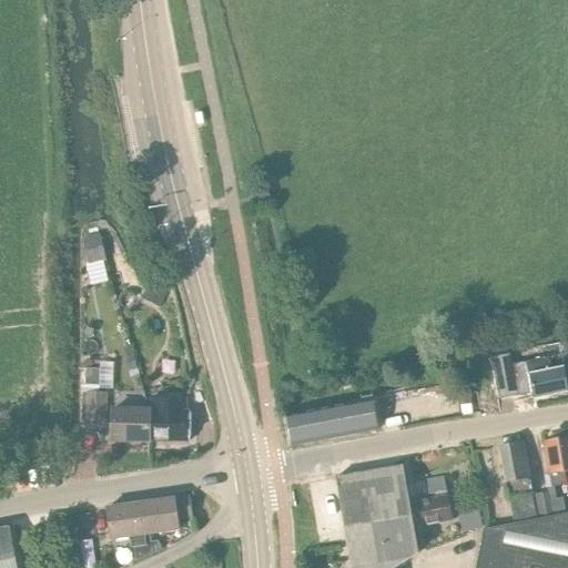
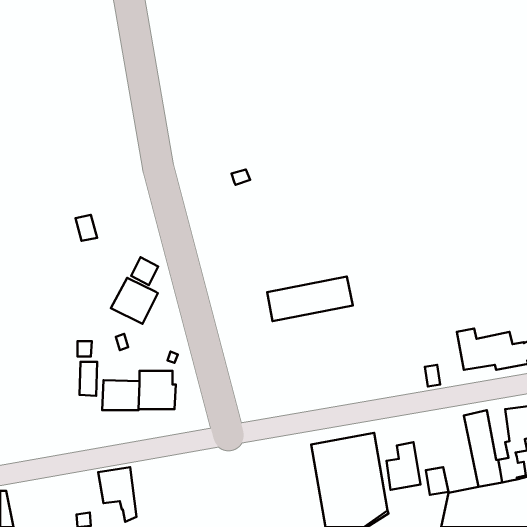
building: none -> [111,278,158,324]
building: [286,398,378,446] -> [267,277,353,321]
building: [141,496,192,555] -> none

